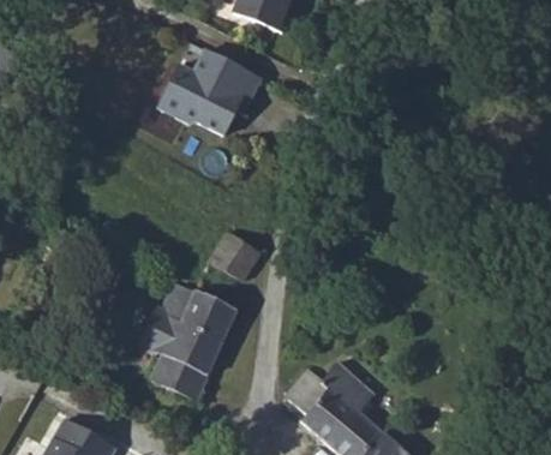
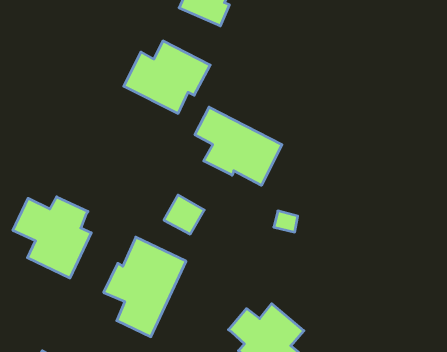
building: none -> [195,107,282,185]
building: none -> [13,197,91,278]

